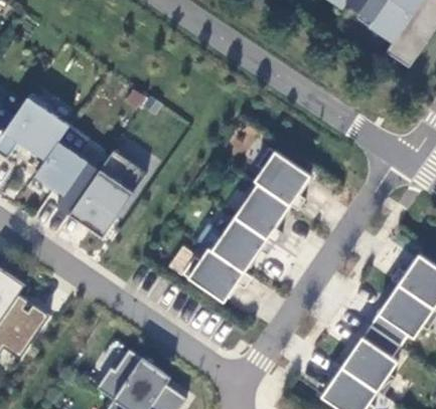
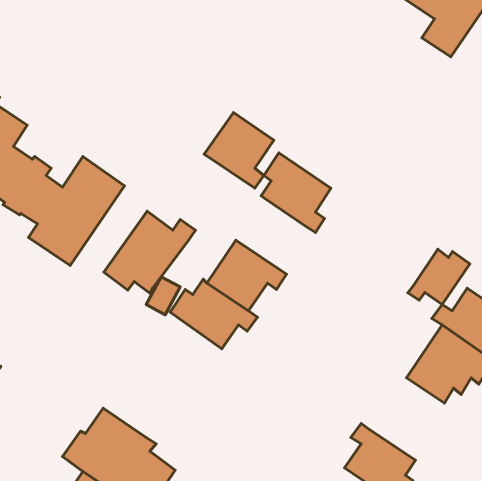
building: [234,182,289,242] -> [204,112,274,188]
building: none -> [104,211,196,294]
building: none -> [408,249,470,305]
building: [340,325,400,394] -> none

